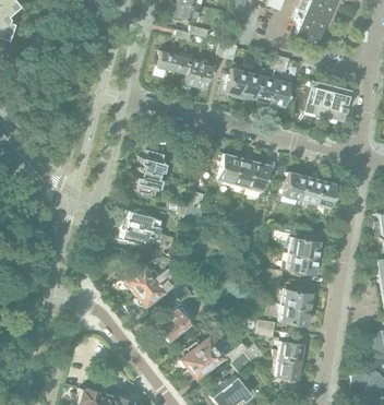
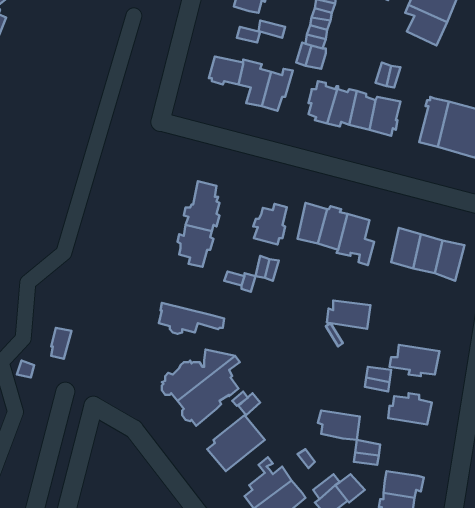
building: none -> [253,204,287,245]
building: [125,210,163,233] -> none
building: [291,238,322,258] -> [327,301,370,329]
building: [281,305,311,325] -> [318,410,360,440]

